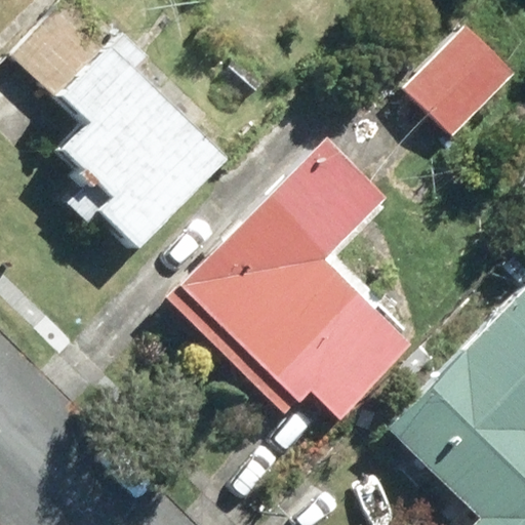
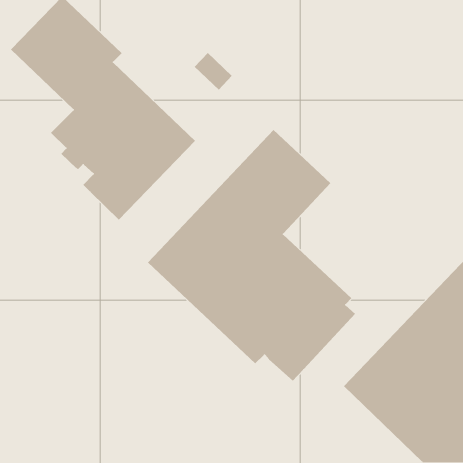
building: [405,25,518,138] -> none

